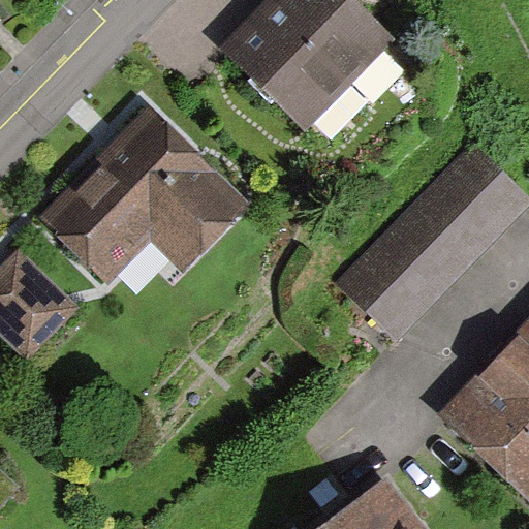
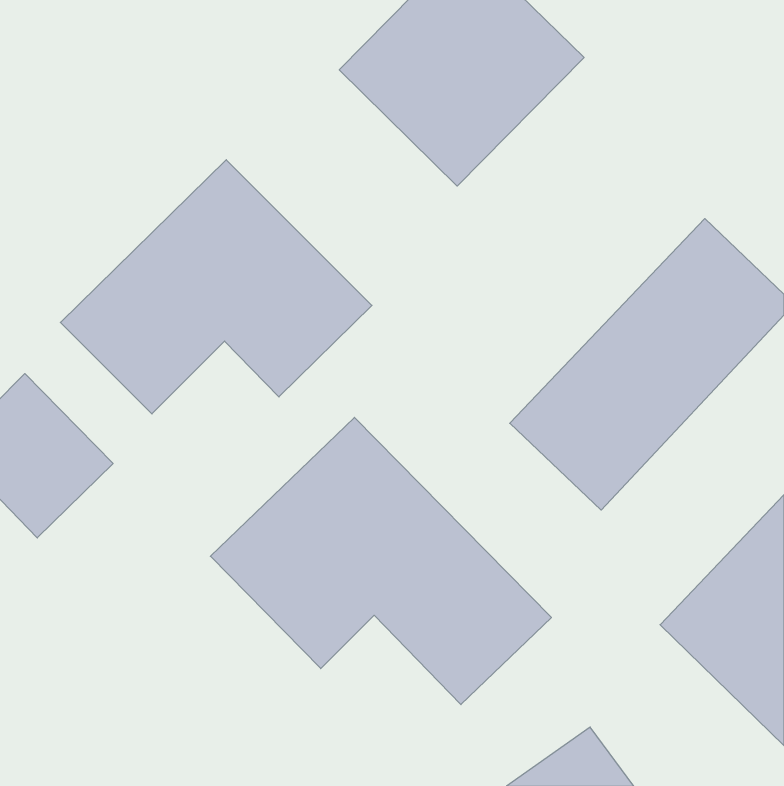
building: none -> [210,417,551,705]

